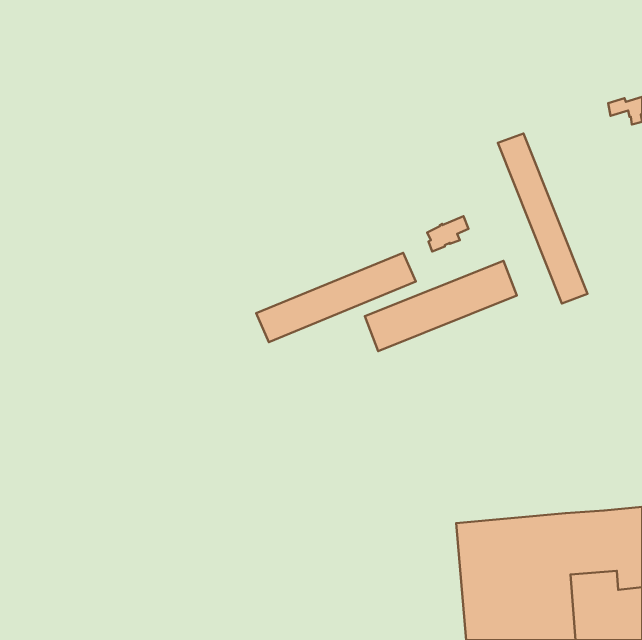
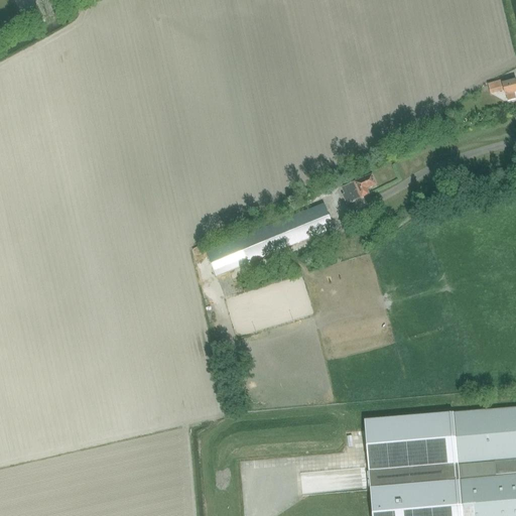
building: [498,133,588,304] -> none
building: [365,261,517,351] -> none

